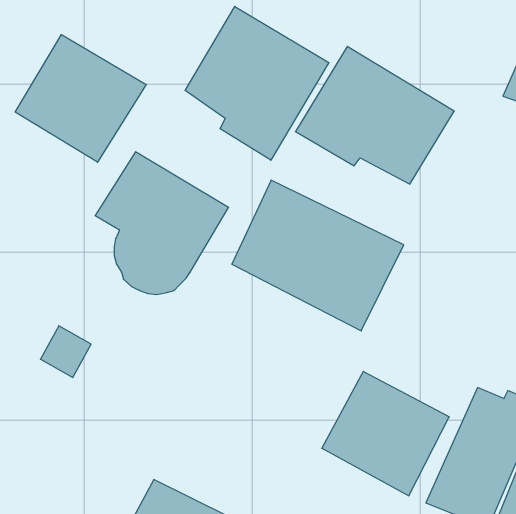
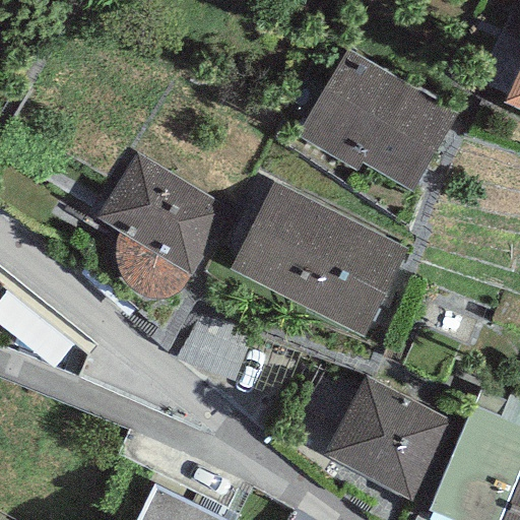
building: [185,6,329,160] -> none
building: [15,35,146,162] -> none

